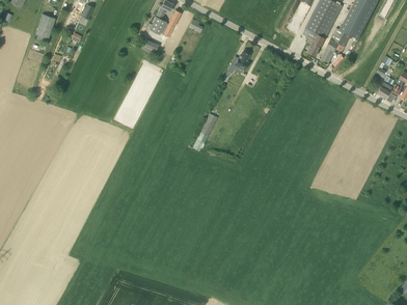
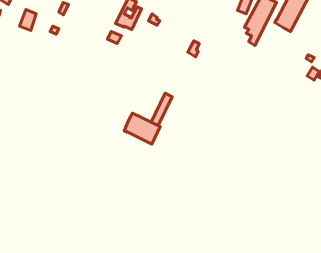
building: [321,28,350,62] -> none
building: none -> [124,113,160,144]

